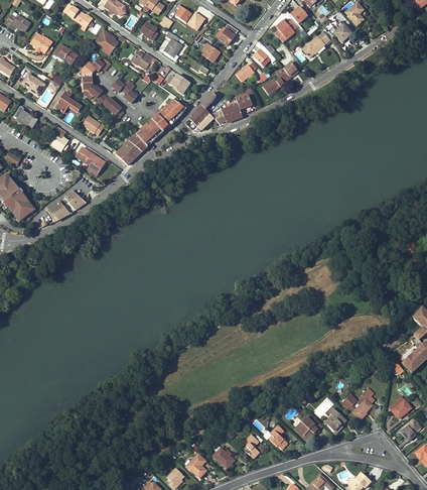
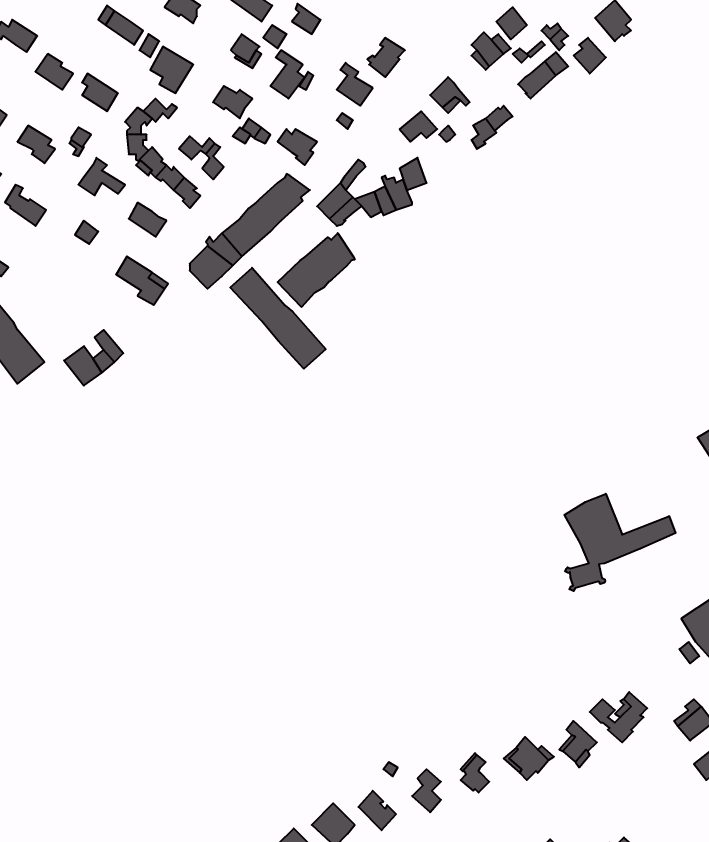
building: none -> [278,233,355,307]
building: none -> [230,268,326,369]
building: none -> [564,494,676,591]

